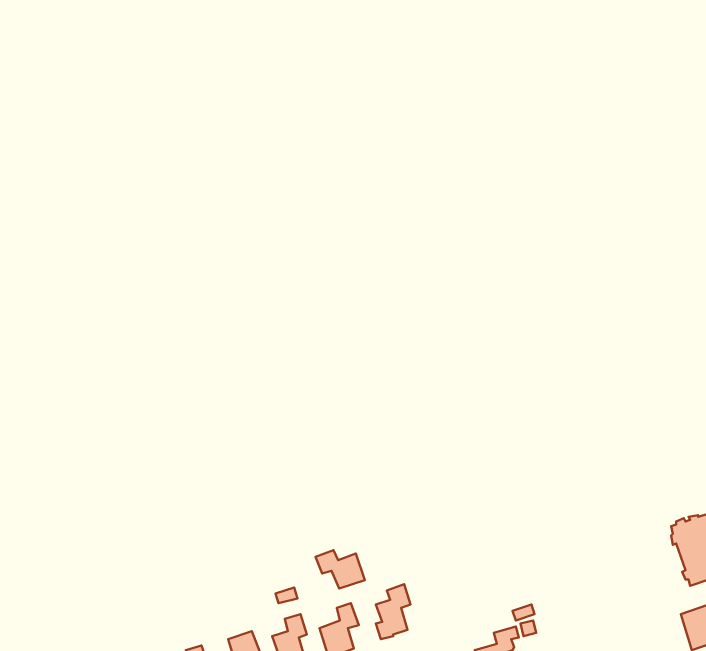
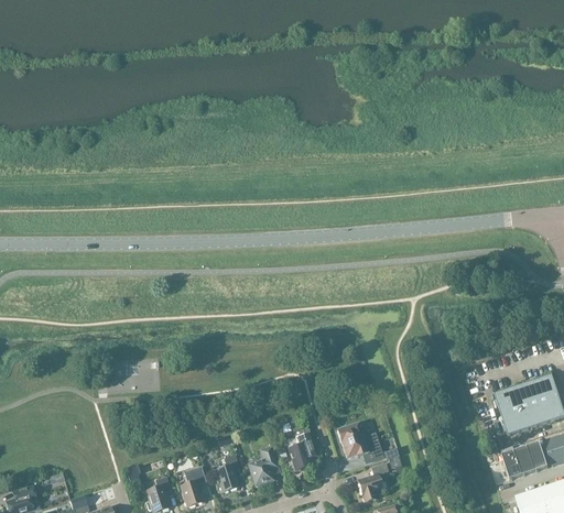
building: [316,550,365,589] -> none
building: none -> [336,424,382,462]

